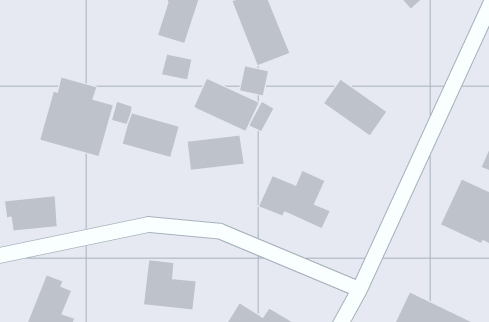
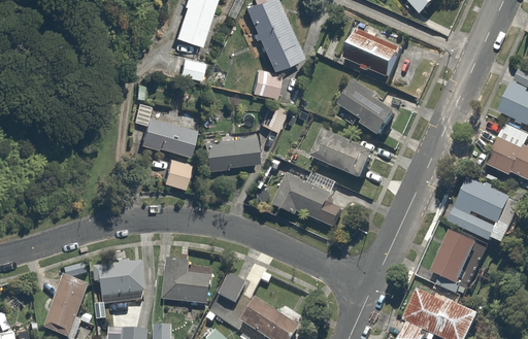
building: none -> [342,31,401,80]
building: [40,77,114,157] -> none
building: [194,78,260,131] -> [309,130,373,181]
building: none -> [163,158,191,189]
building: [4,196,58,231] -> [94,262,145,296]
building: none -> [430,232,478,294]
building: none -> [211,272,246,303]

